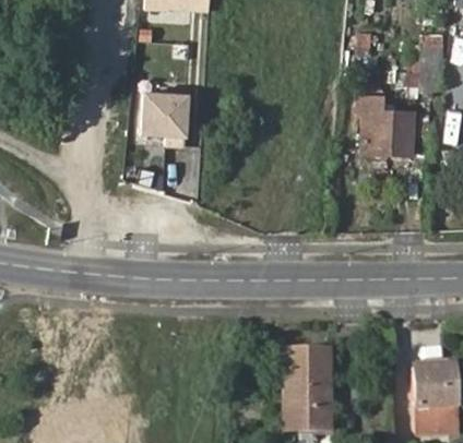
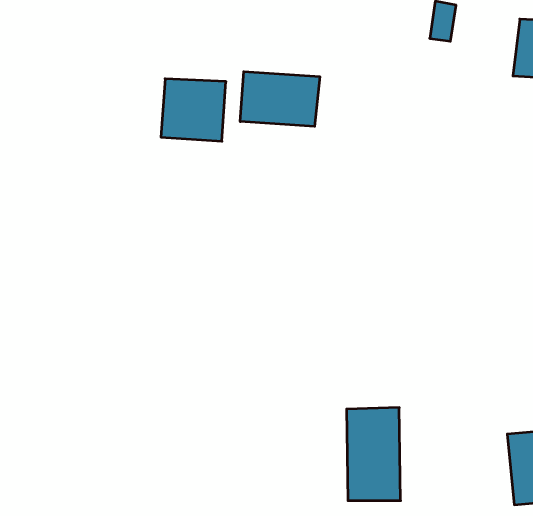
building: none -> [240,72,320,126]
building: [354,95,418,153] -> none

